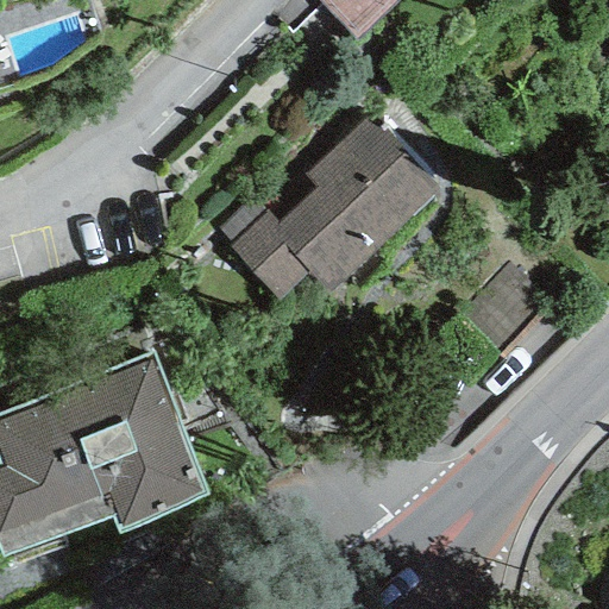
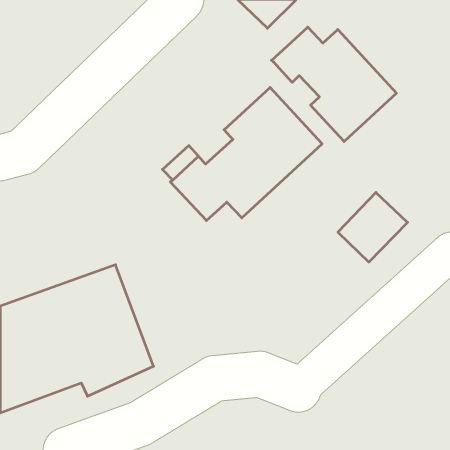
building: none -> [271,27,396,142]

